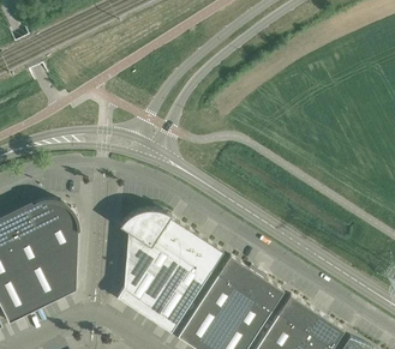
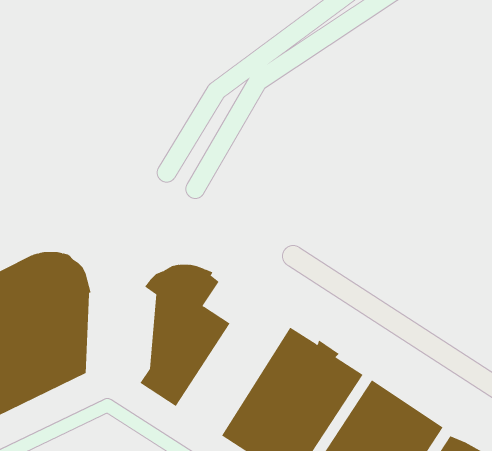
building: [144,222,223,332] -> none

